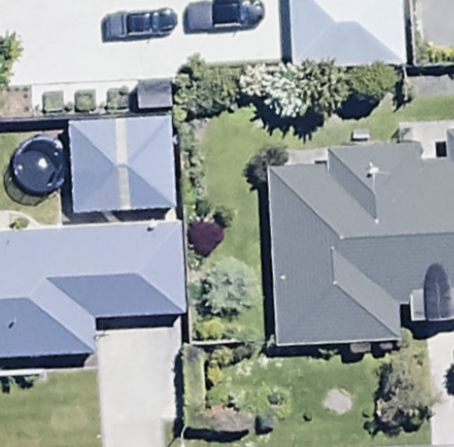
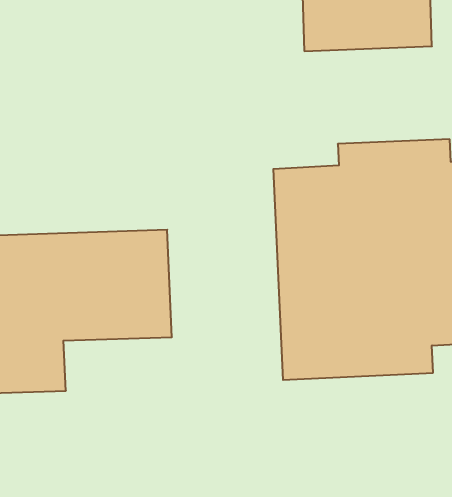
building: [73,79,175,210] -> none

